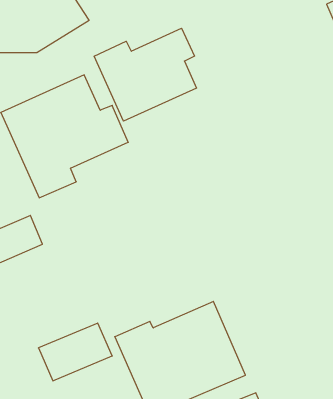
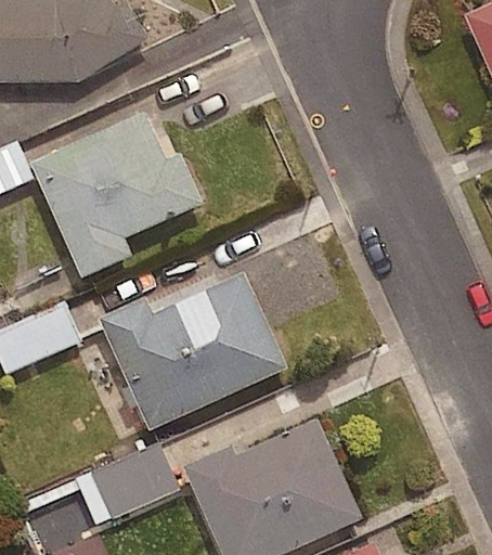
building: [94,28,197,121] -> none
building: none -> [96,273,286,431]

